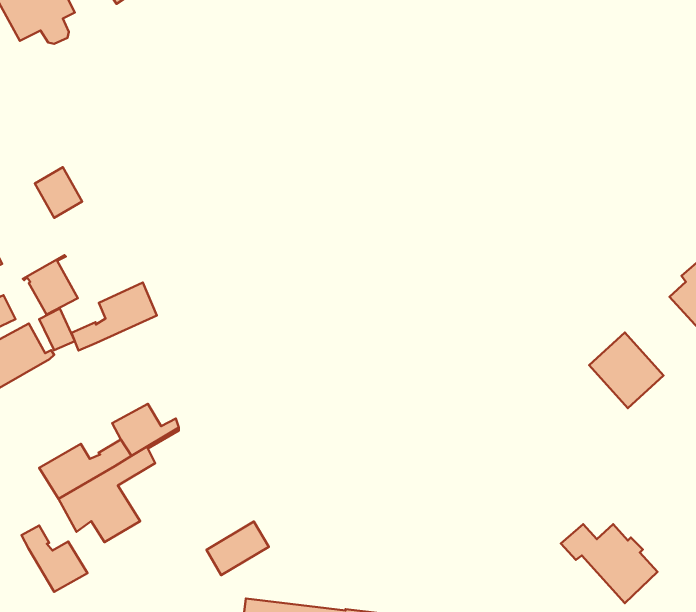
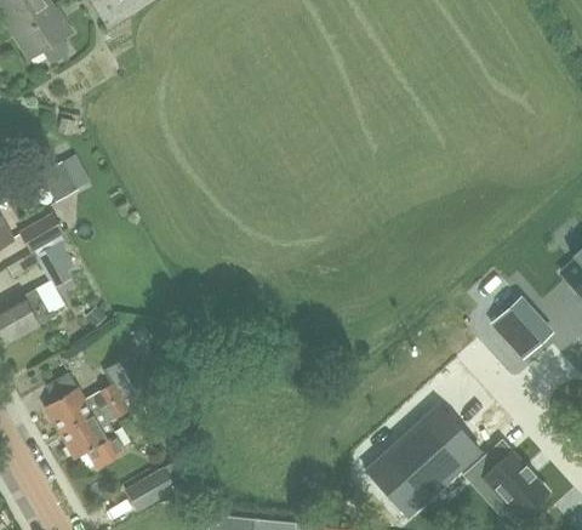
building: none -> [18,213,63,253]
building: [71,283,157,350] -> none
building: none -> [365,405,480,517]
building: [206,522,269,575] -> [124,468,175,512]
building: [21,525,87,592] -> none

